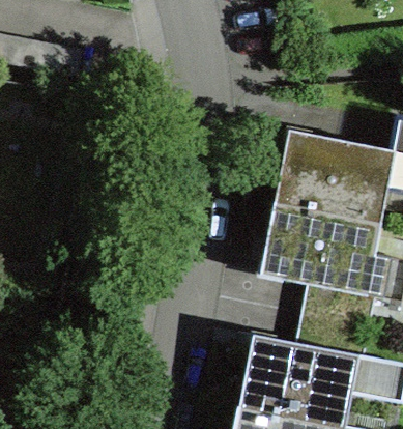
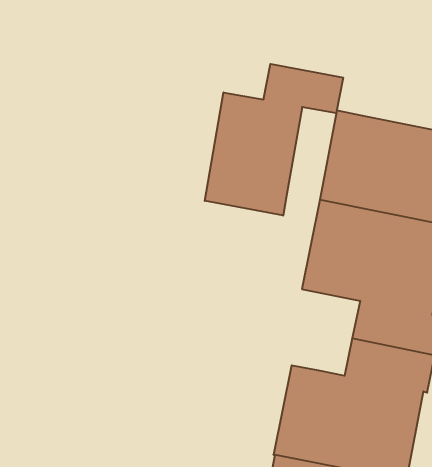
building: none -> [205,64,343,216]

